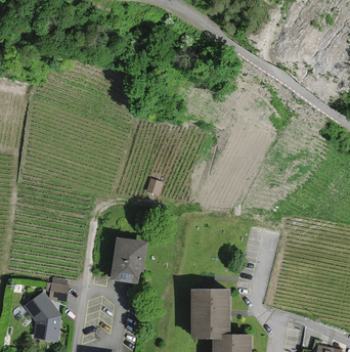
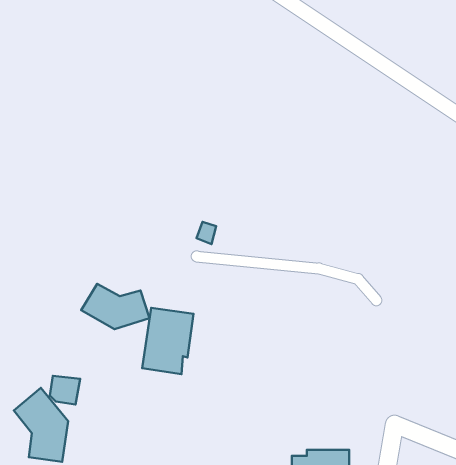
building: none -> [81,284,150,329]
building: [191,289,230,338] -> none

